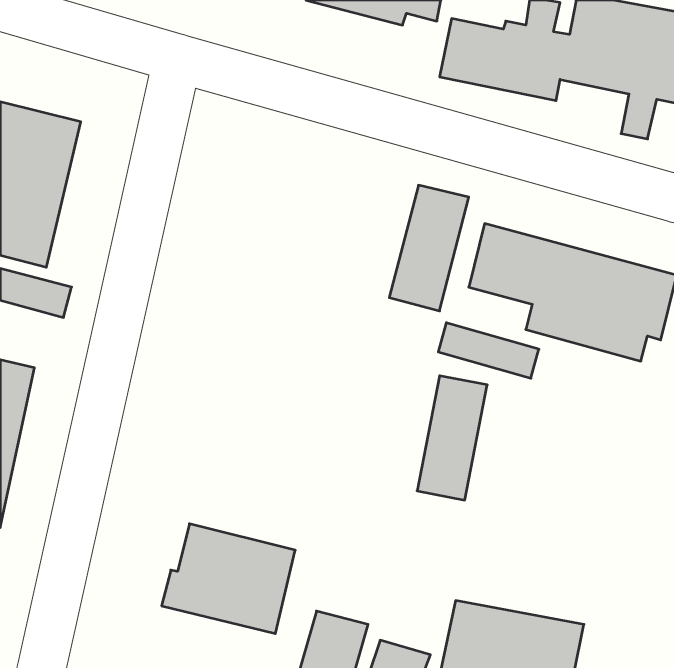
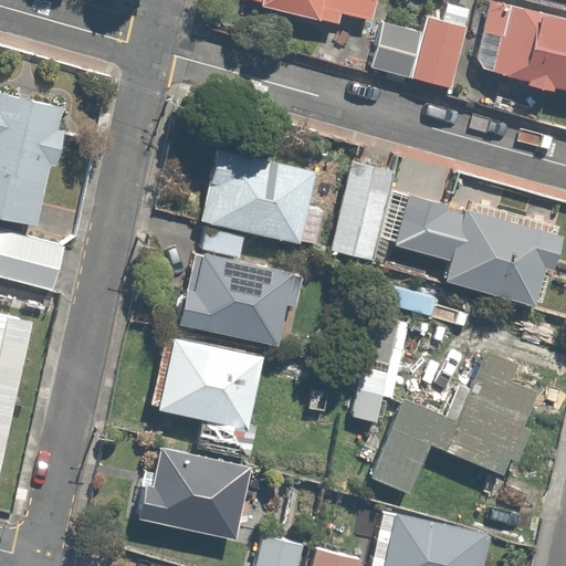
building: none -> [198,145,319,243]
building: none -> [178,232,308,347]
building: none -> [157,335,264,458]
building: none -> [376,349,541,497]

